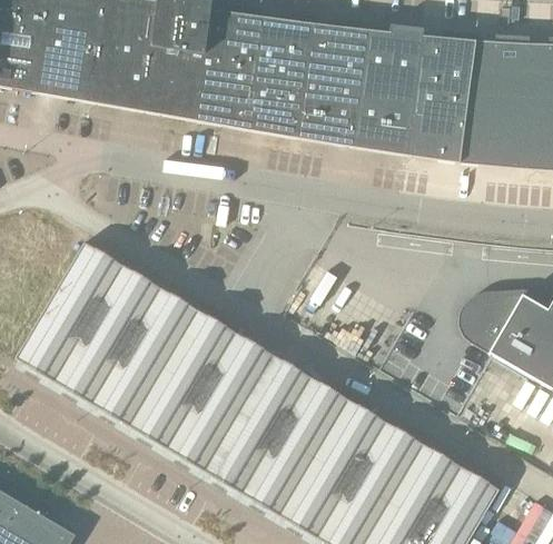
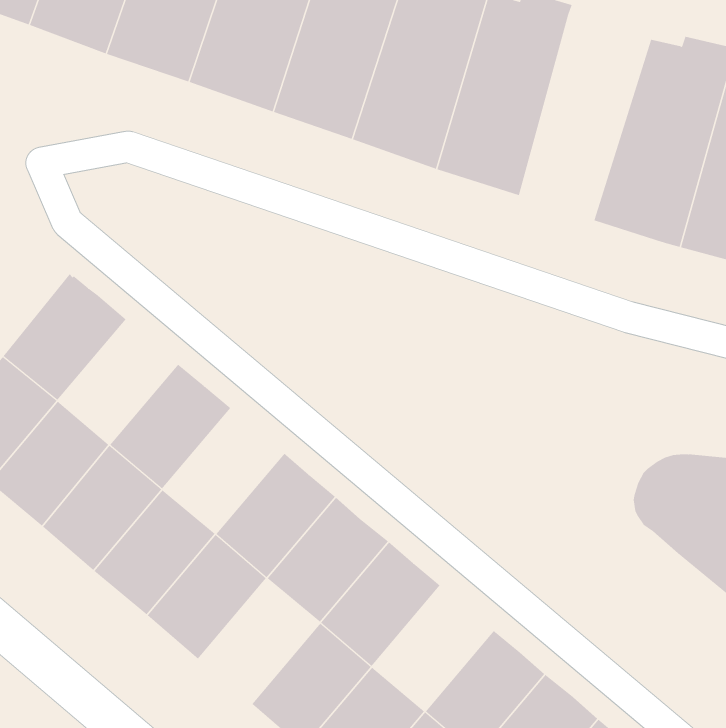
building: [357,24,424,156] -> none
building: [90,266,161,346] -> none
building: [165,310,237,390] -> none
building: [314,399,386,479] -> none
building: [205,413,277,493] -> none

